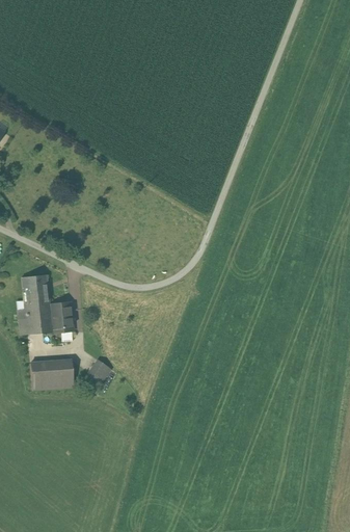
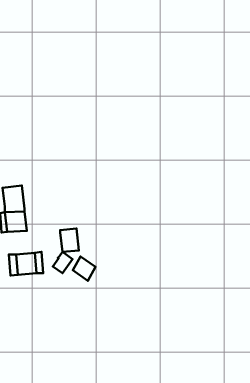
building: [50,301,74,331] -> [60,228,79,252]
building: none -> [73,256,96,281]

